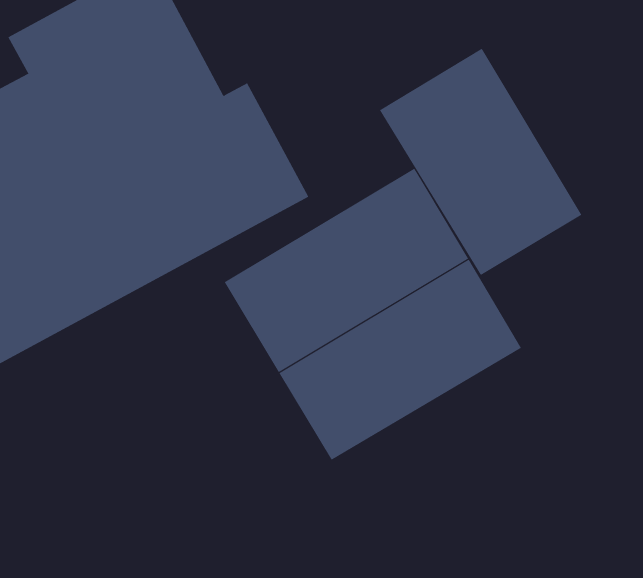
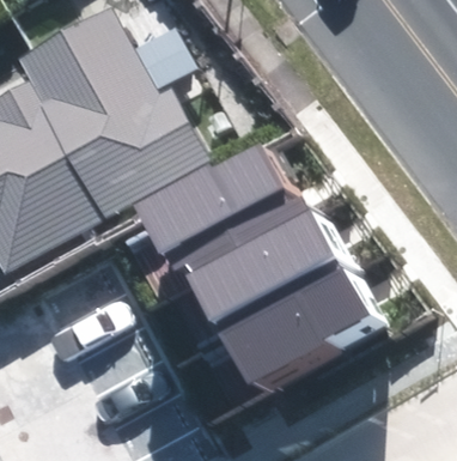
building: [379,48,582,276] -> none
building: none -> [221,266,382,399]

